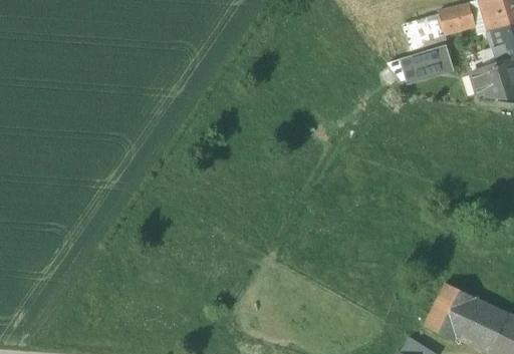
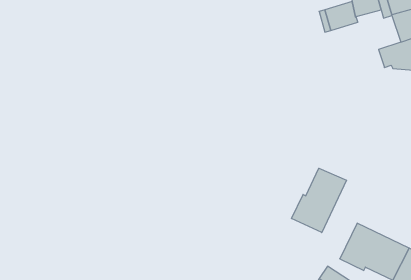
building: [400,45,453,83] -> none
building: none -> [292,168,347,233]

